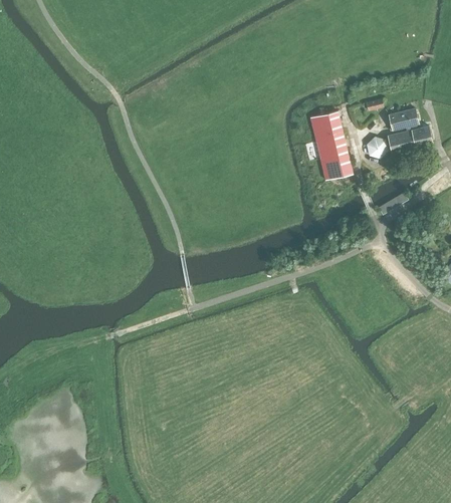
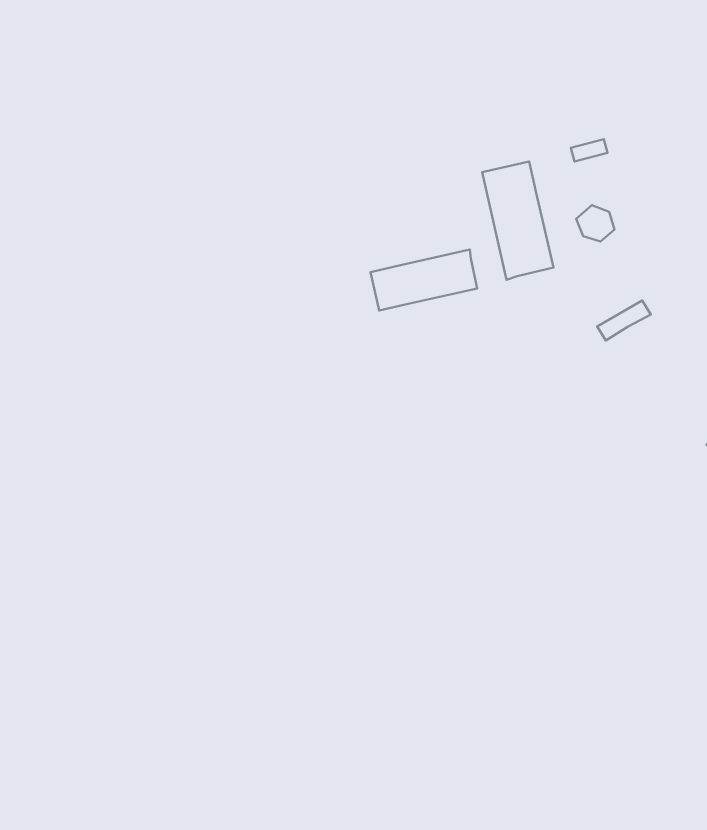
building: [388,108,433,154] -> none
building: none -> [370,249,477,311]

